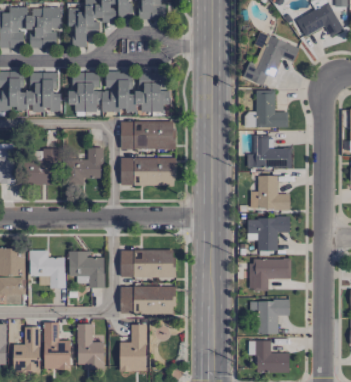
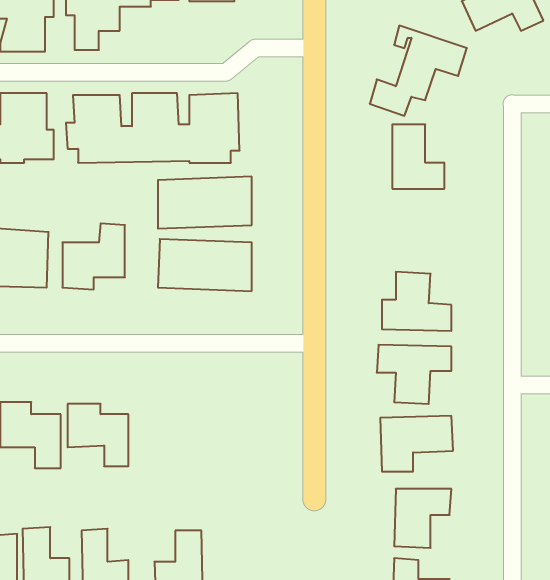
building: [248,137,292,168] -> none
building: [120,249,175,277] -> none
building: [120,286,175,314] -> none

